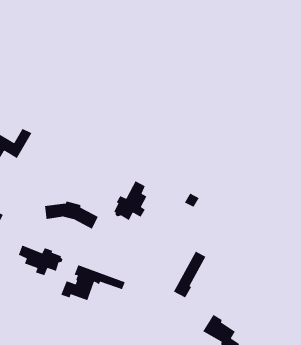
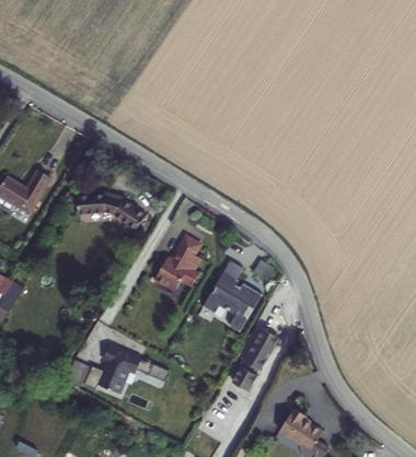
building: none -> [204,259,262,331]
building: [44,200,99,230] -> [79,191,150,230]
building: [18,245,63,276] -> none

